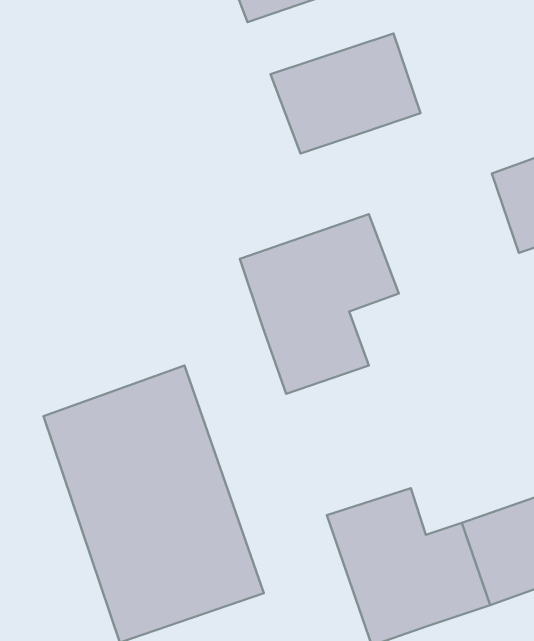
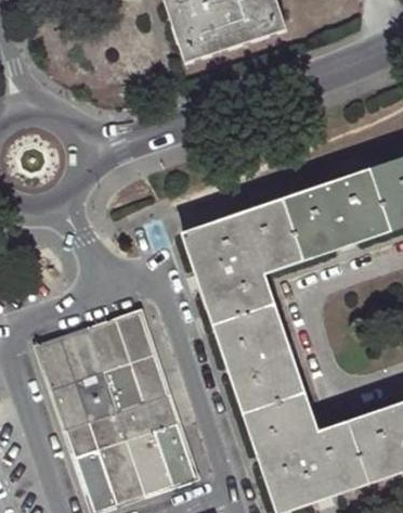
building: [271,34,420,153] -> [273,172,381,259]
building: none -> [213,311,303,420]

